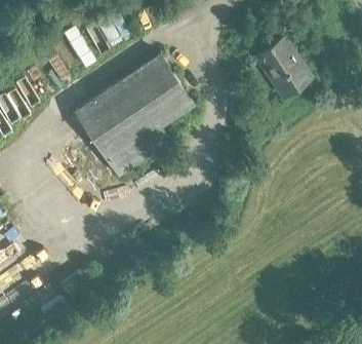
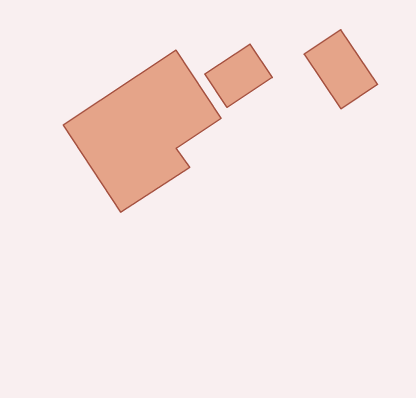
building: none -> [205,44,272,107]

